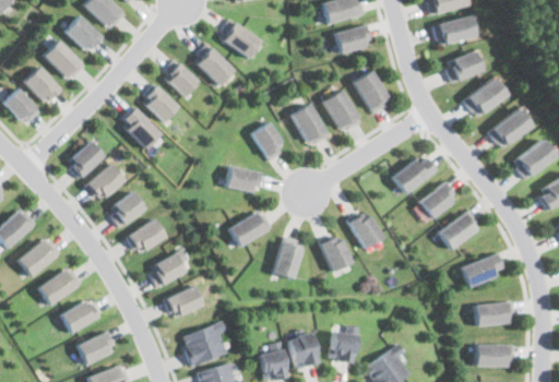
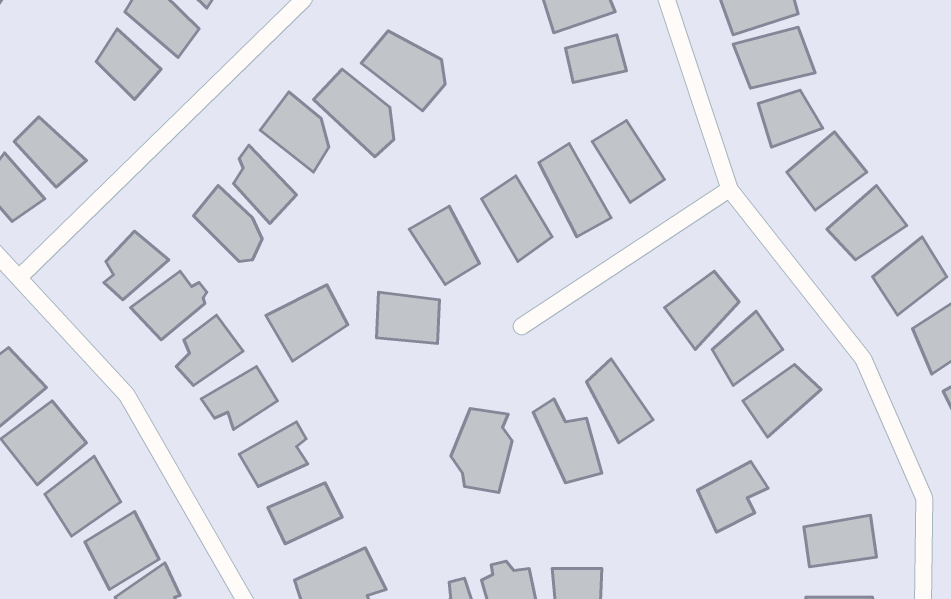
building: [43,36,86,86] -> none
building: [225,210,272,253] -> [266,285,348,361]
building: [462,252,502,293] -> [698,461,768,532]

